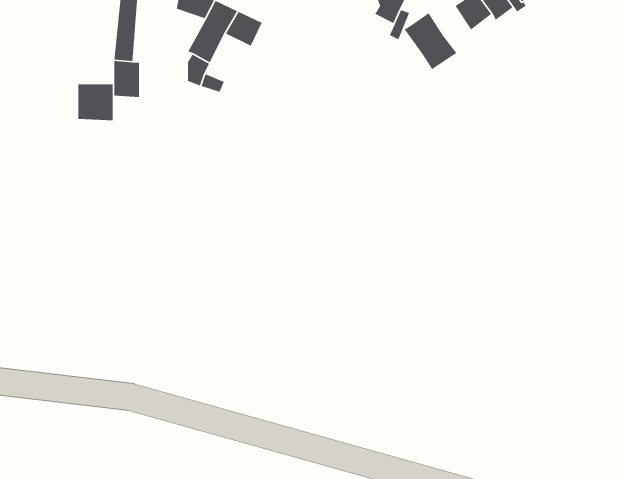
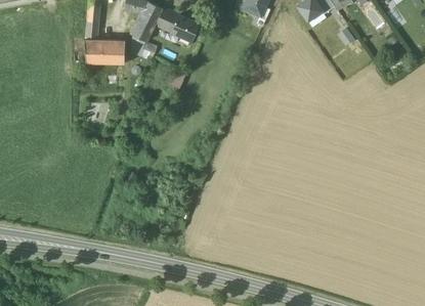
building: [403,12,457,70] -> none
building: none -> [171,16,198,41]
building: [77,83,113,121] -> [101,41,124,64]

